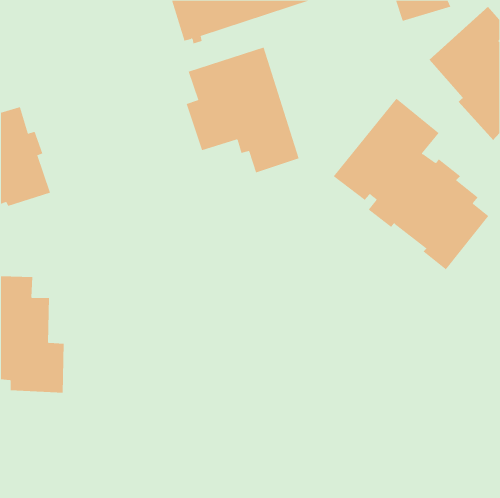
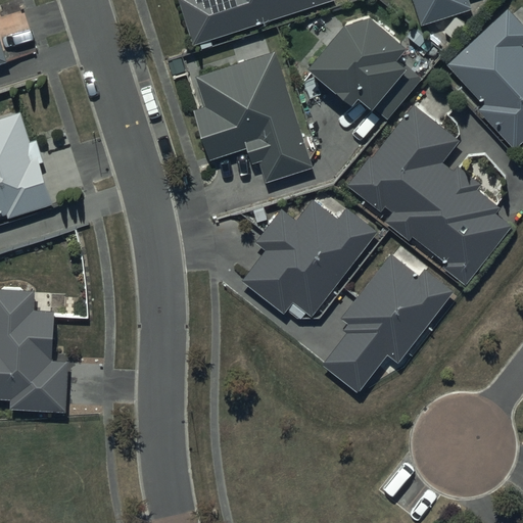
building: none -> [307,14,422,118]
building: none -> [240,192,378,319]
building: none -> [322,252,454,391]

